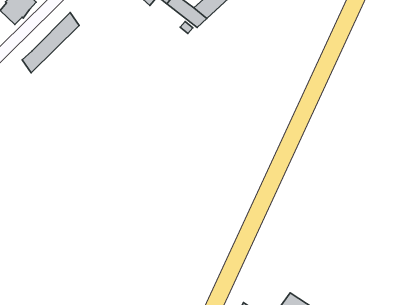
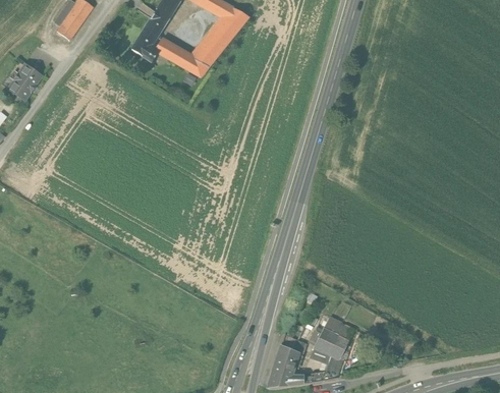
building: [22,13,79,73] -> none

